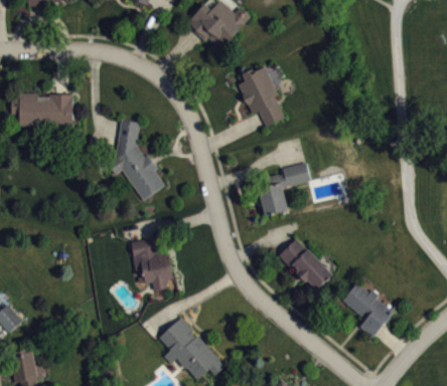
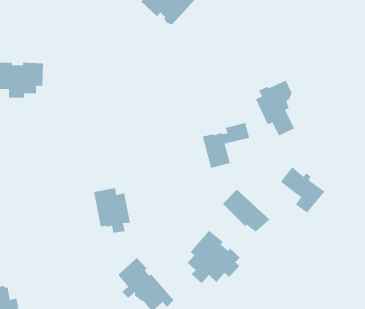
building: [238,61,284,127] -> [255,80,295,137]
building: [107,119,164,200] -> none
building: [341,282,394,337] -> [280,166,326,213]
building: none -> [187,230,241,284]

